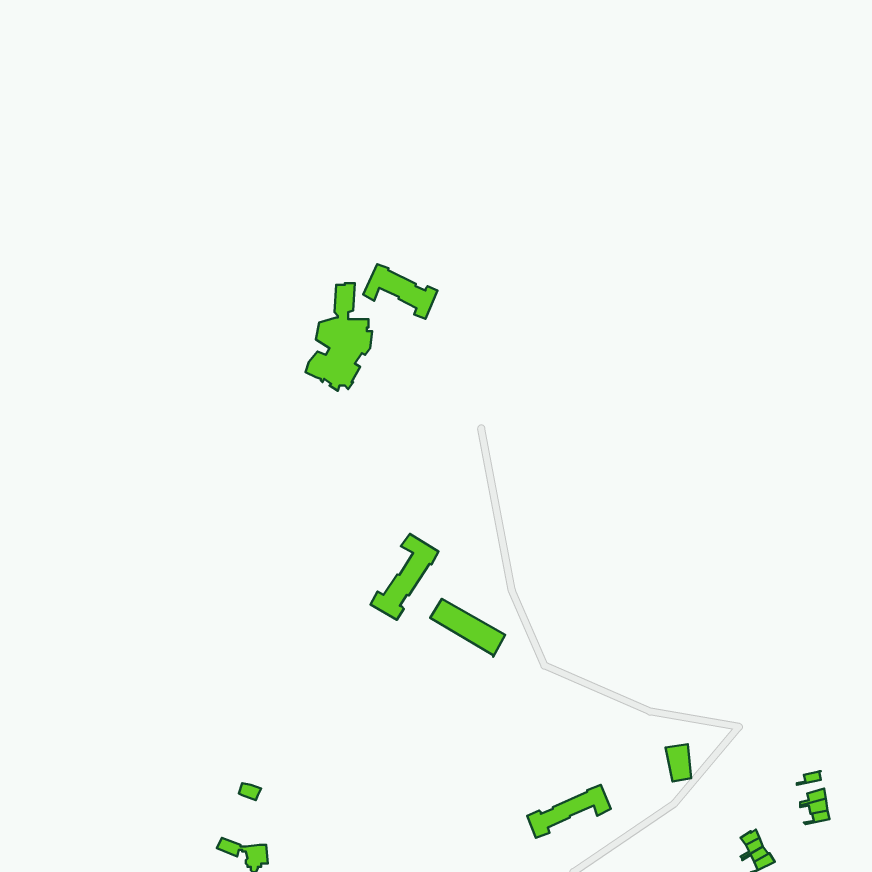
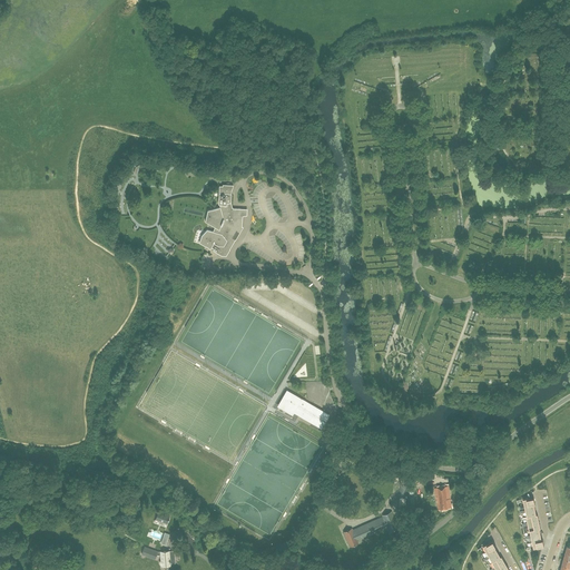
building: [363,264,437,319] -> none
building: [370,534,438,620] -> none

